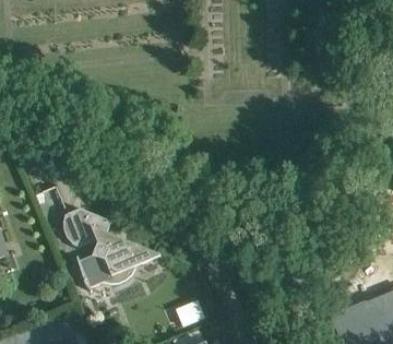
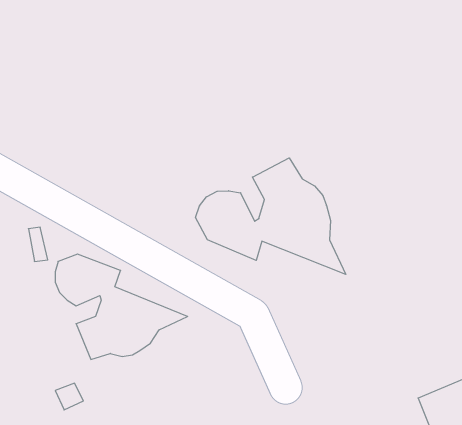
building: none -> [195,158,346,274]

